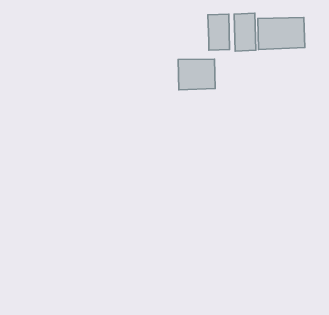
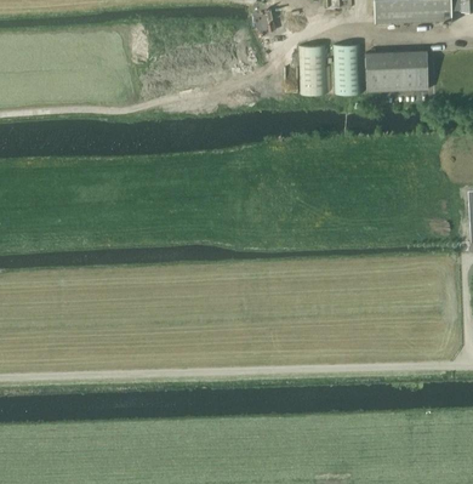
building: [178,59,215,90] -> none

